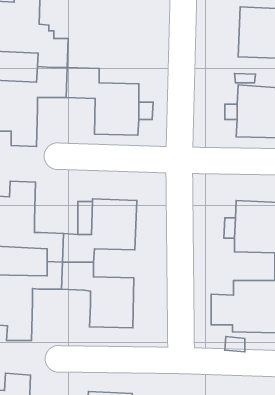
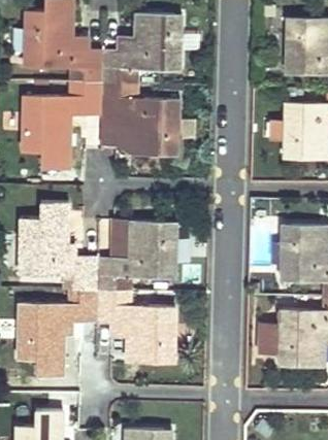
building: none -> [102,14,182,83]
building: none -> [100,114,132,154]

